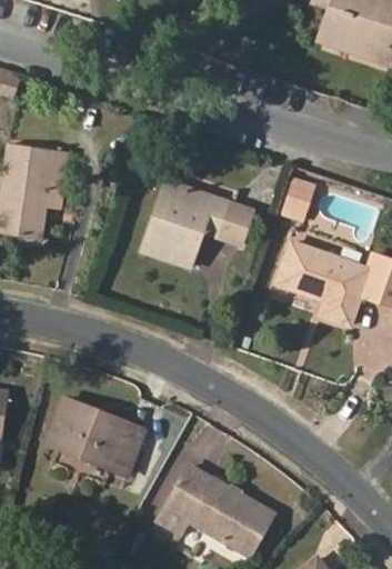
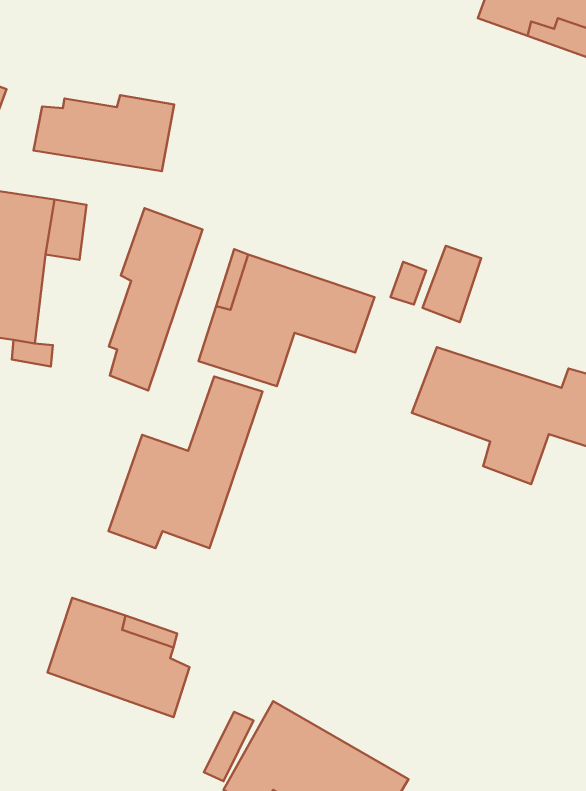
building: none -> [34,95,174,171]
building: none -> [109,208,203,391]
building: none -> [108,376,263,548]

